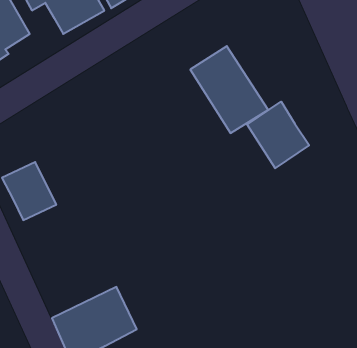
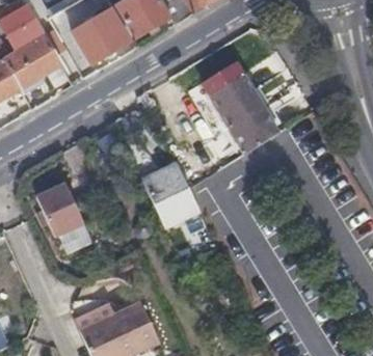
building: [247,102,309,168] -> none
building: none -> [142,163,196,223]

